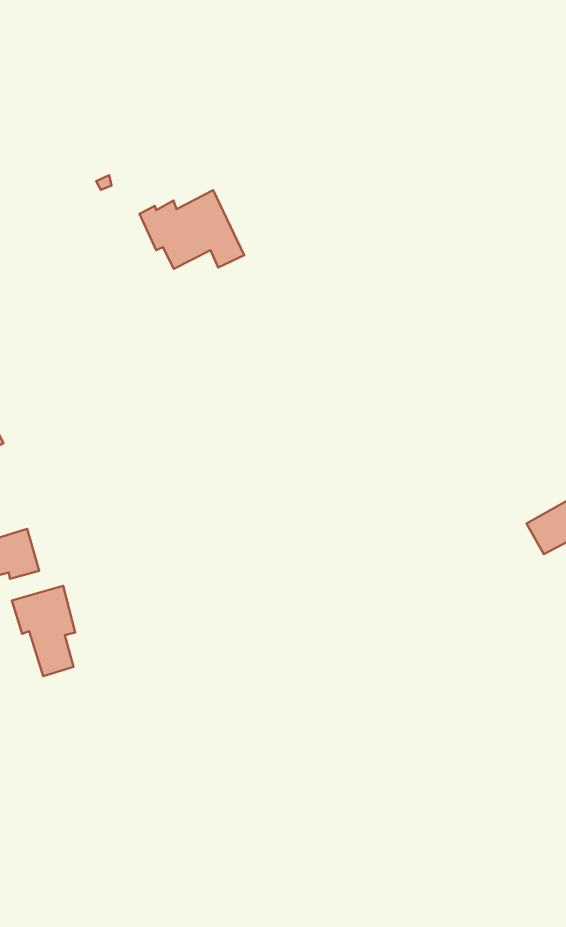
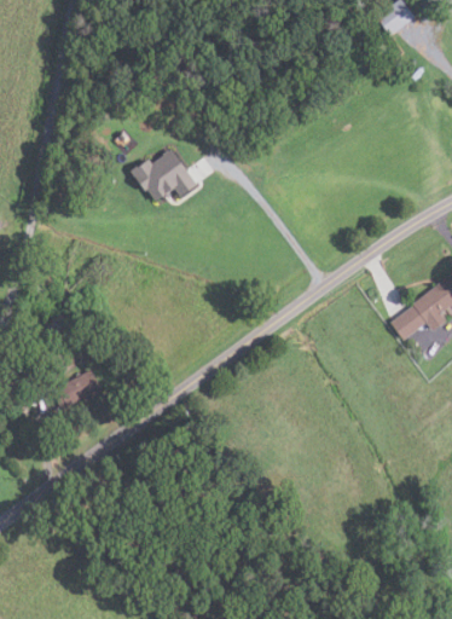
building: [12,586,75,676] -> none

